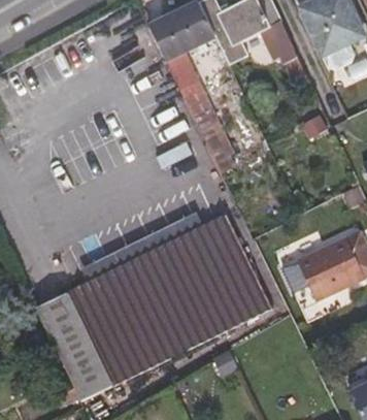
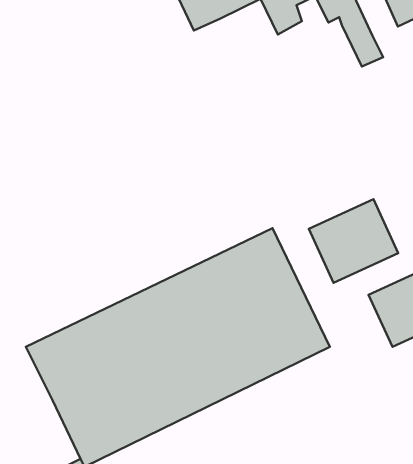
building: [164,51,233,170] -> none
building: none -> [309,199,398,283]

